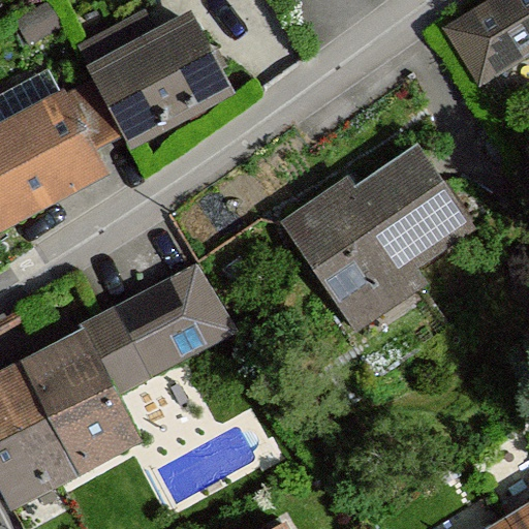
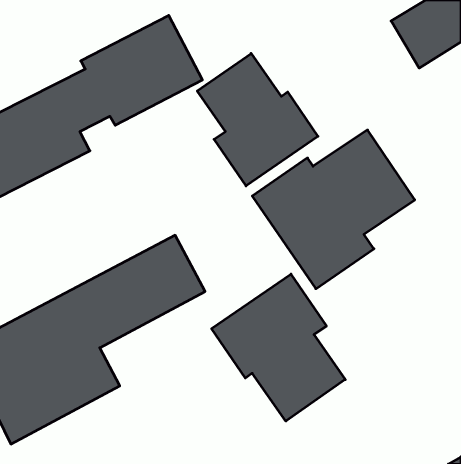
building: none -> [197,53,318,186]
building: none -> [212,274,345,421]

